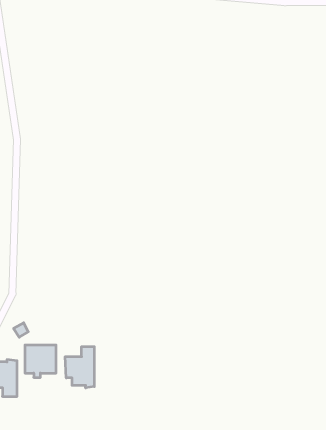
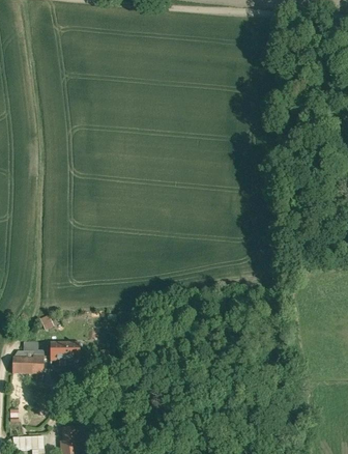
building: [65,347,94,388] -> none

